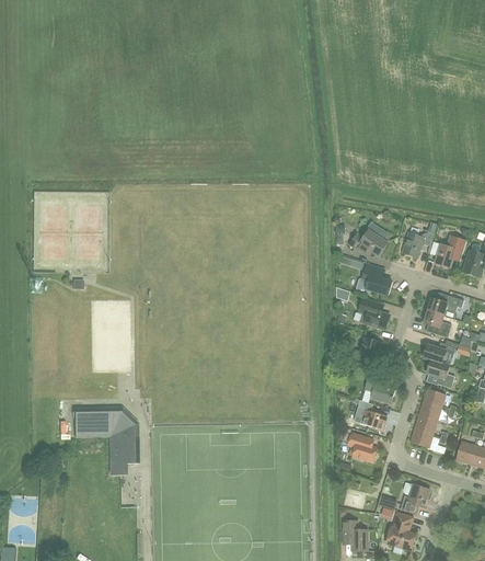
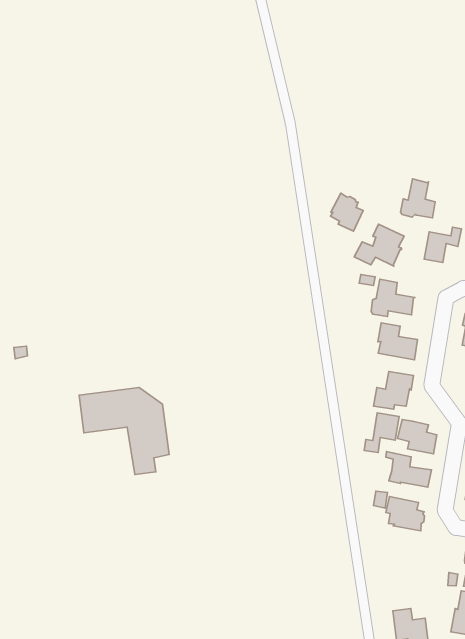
building: none -> [400,179,435,218]
building: none -> [330,193,363,231]
building: none -> [364,413,399,453]
building: [74,407,138,473] -> [79,387,169,475]

